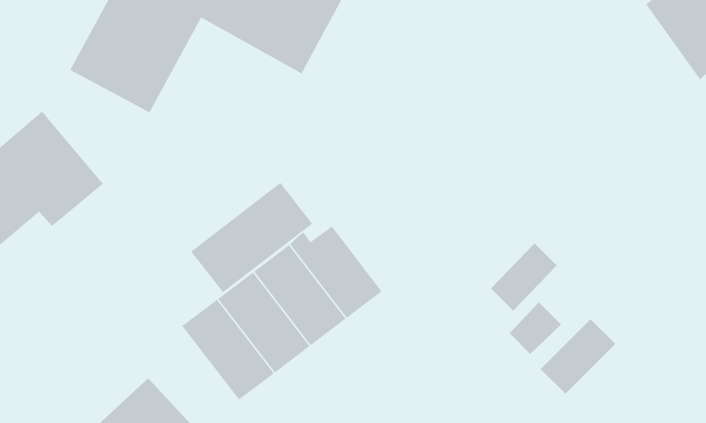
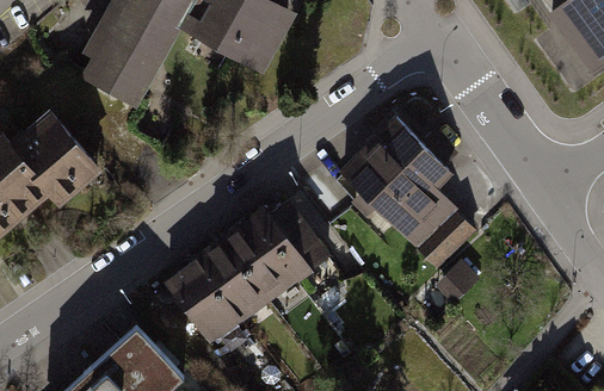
building: none -> [333,108,461,253]
building: [190,182,313,293] -> none
building: [540,319,616,394] -> none

